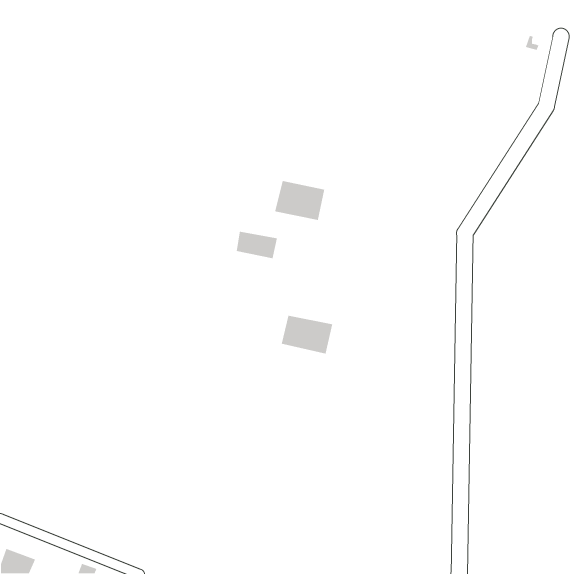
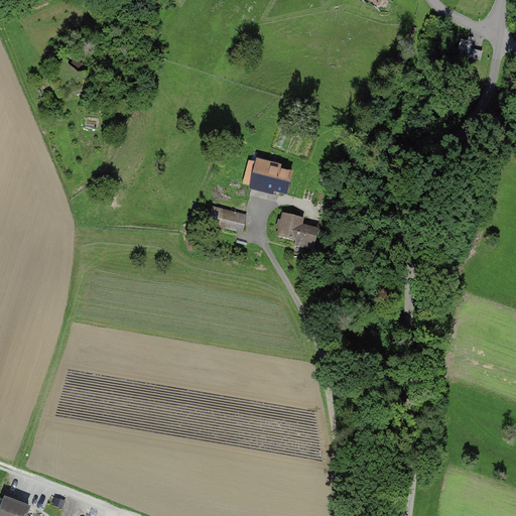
building: [281,315,333,354] -> [273,213,319,248]

